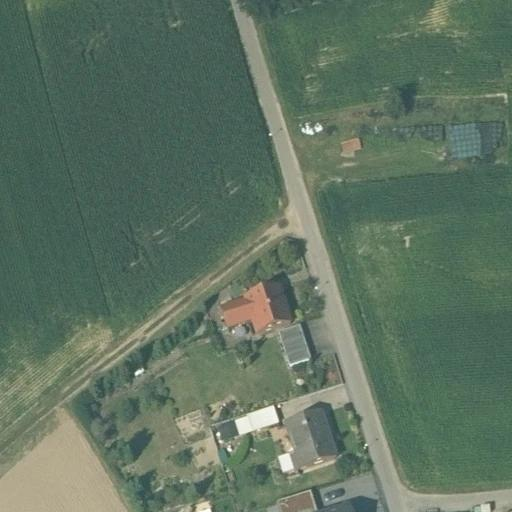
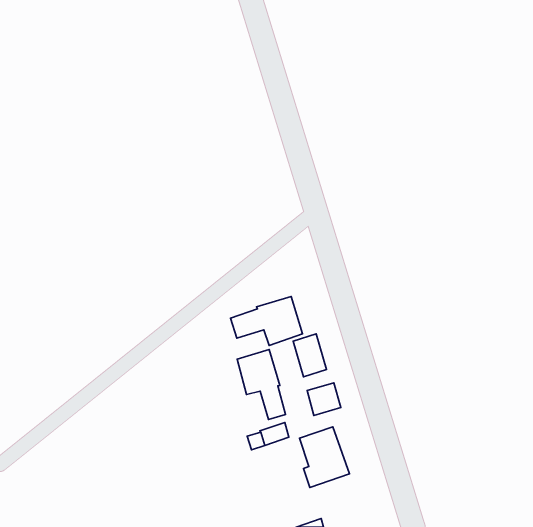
building: none -> [237,350,285,419]
building: none -> [307,383,341,416]

